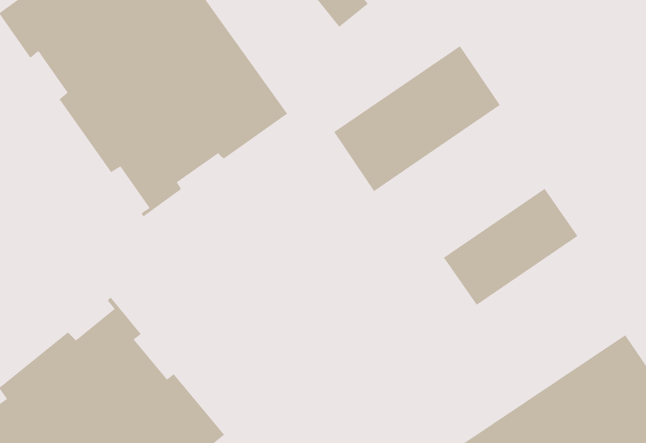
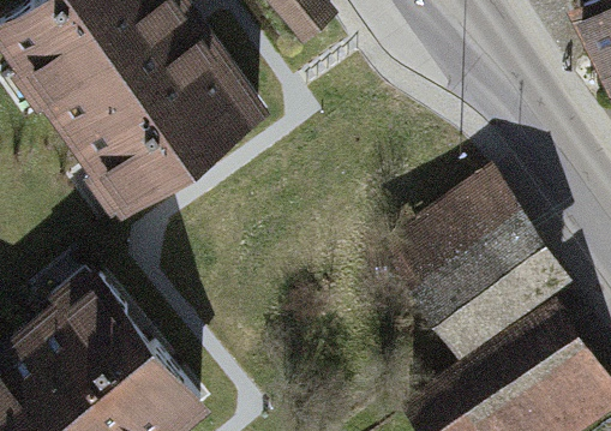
building: [333,45,501,192] -> none
building: none -> [429,231,556,346]

